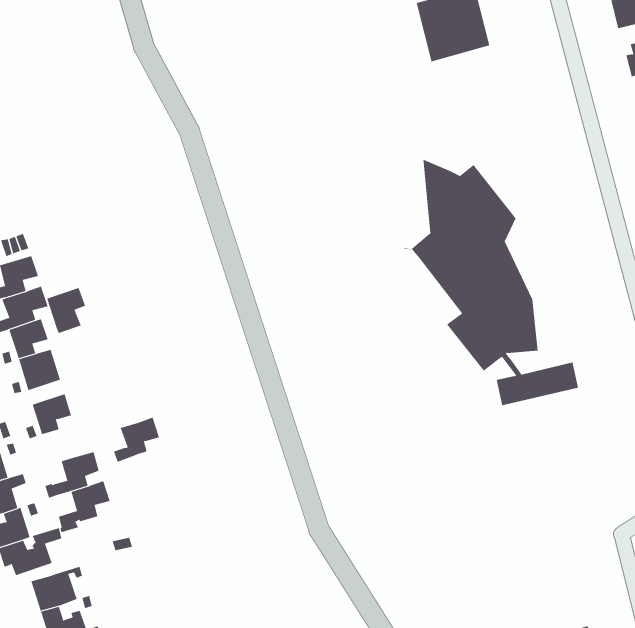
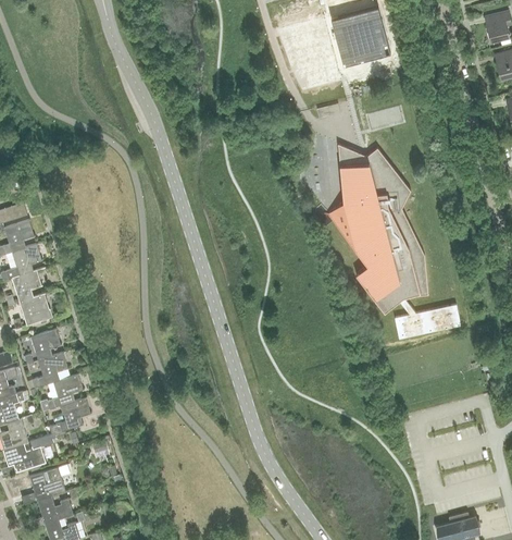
building: [47,287,86,334] -> none
building: [113,417,160,462] -> [32,352,68,388]

